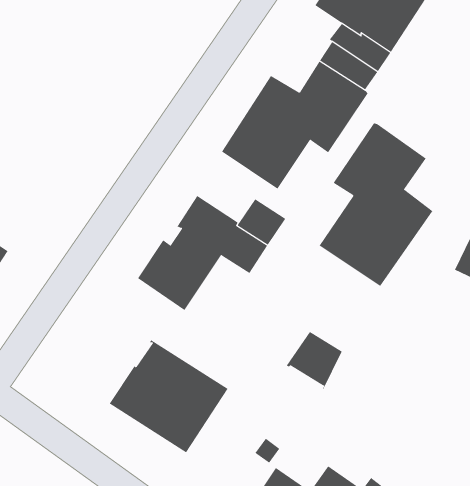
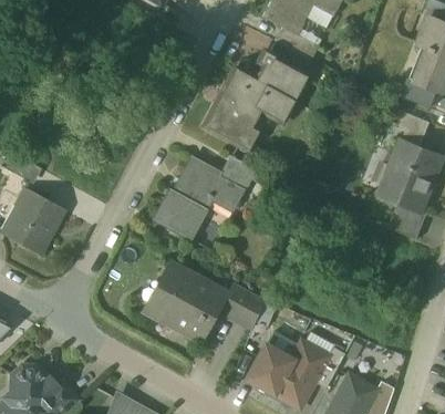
building: [319,122,433,287] -> none
building: [286,331,342,391] -> [222,286,261,327]

